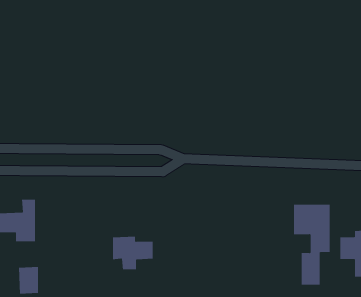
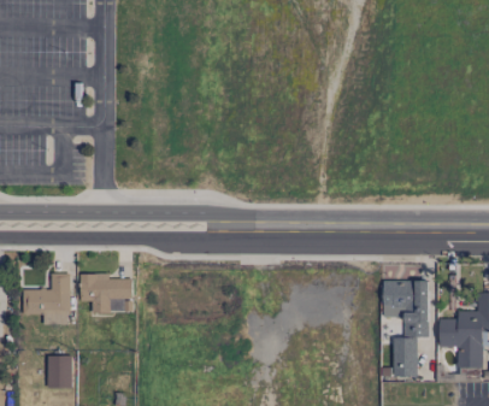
building: [112,236,154,270] -> [81,273,131,314]

